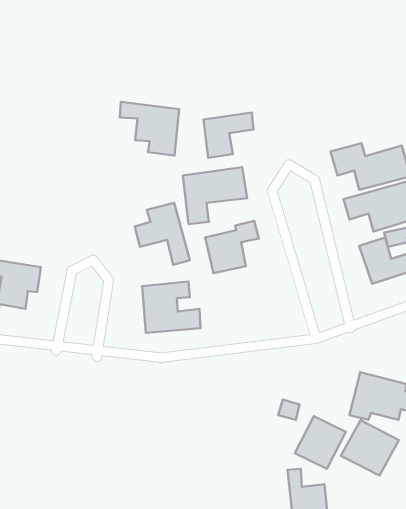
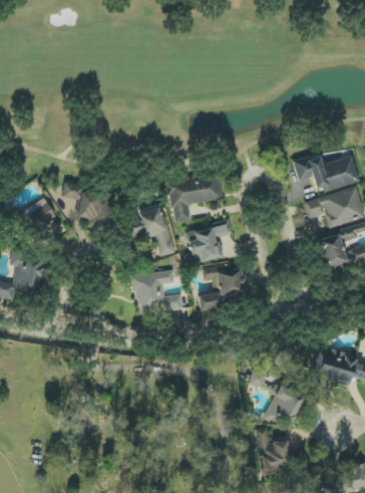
building: [120,102,179,156] -> [63,185,113,230]
building: [203,113,254,158] -> none
building: none -> [21,198,57,232]
building: none -> [198,266,246,311]
building: [341,420,399,476] -> none

